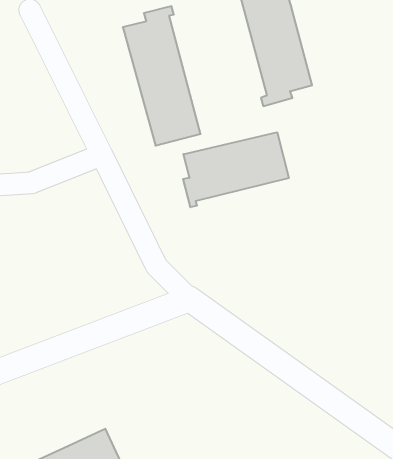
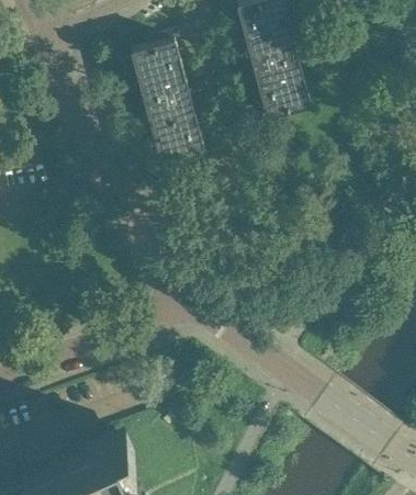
building: [183,132,289,207] -> none

